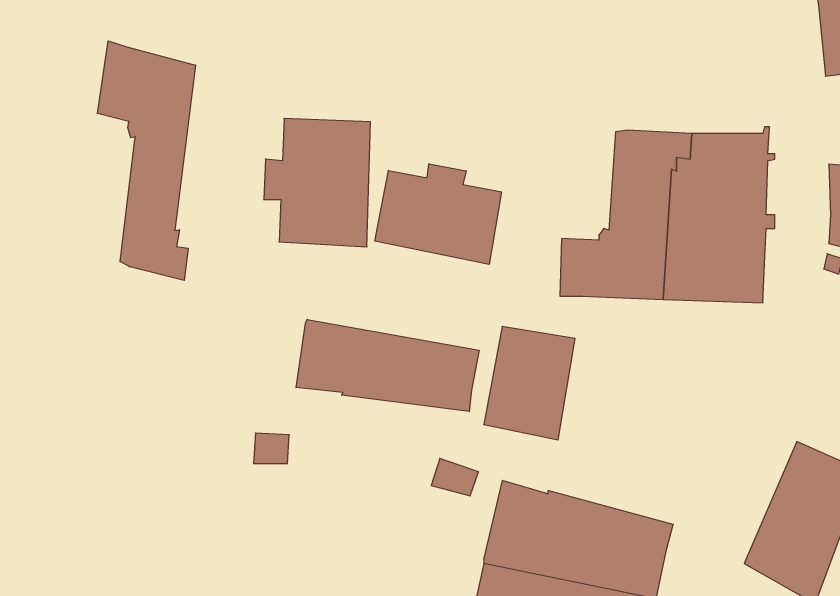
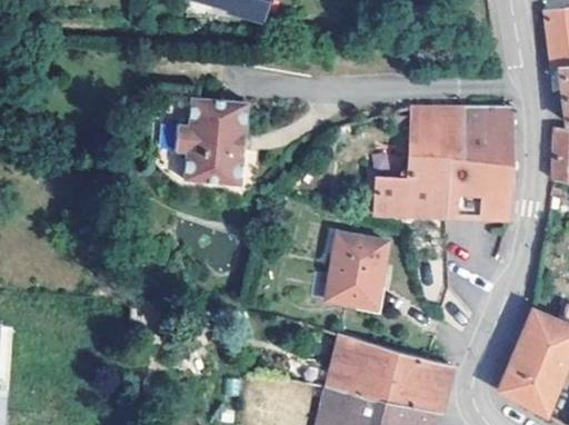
building: [97,41,195,280] -> none
building: [375,164,502,264] -> none
building: [296,319,479,412] -> none

